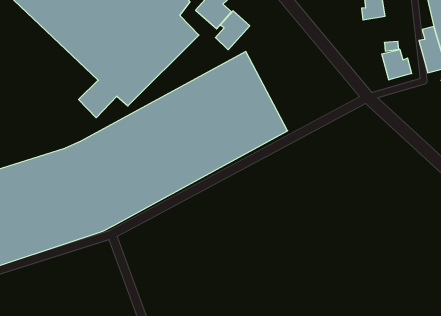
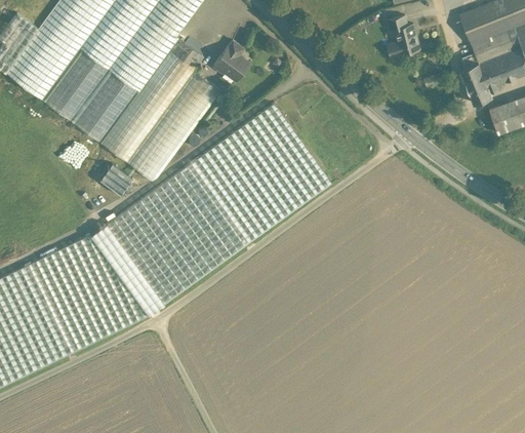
building: [215,11,250,50] -> none
building: [382,49,412,80] -> none

